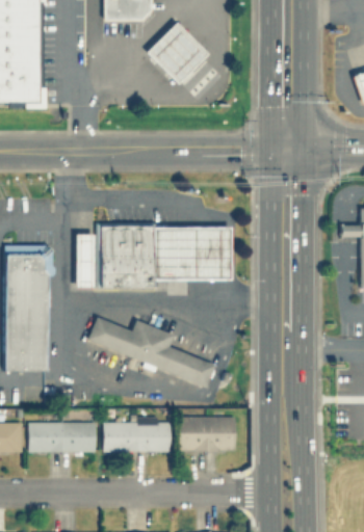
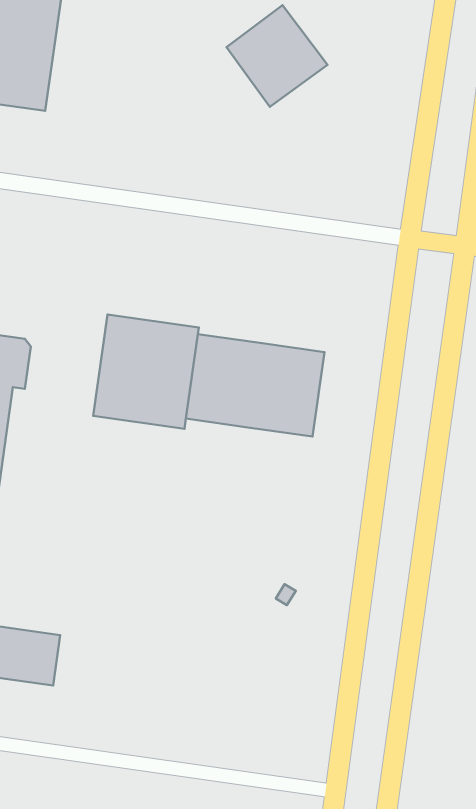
building: [76,235,94,287] -> none
building: [89,316,215,388] -> none
building: [179,416,236,451] -> none
building: [104,419,170,452] -> none

